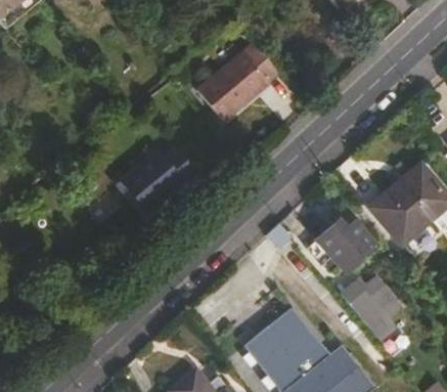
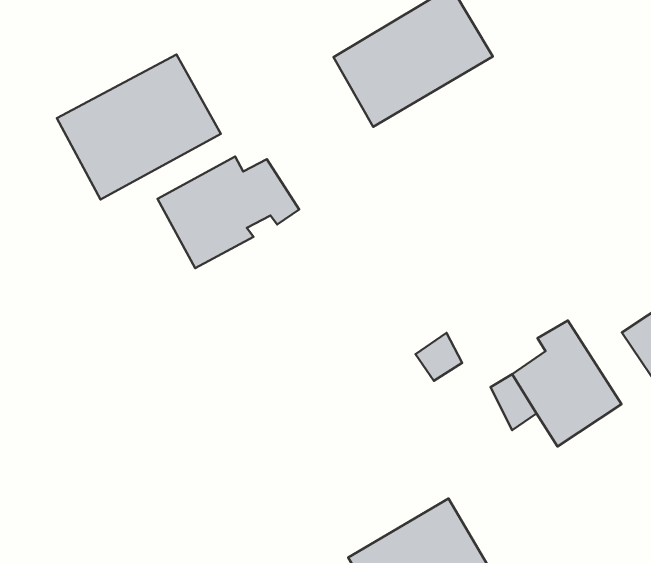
building: none -> [57,54,221,199]
building: [340,277,391,325] -> none

